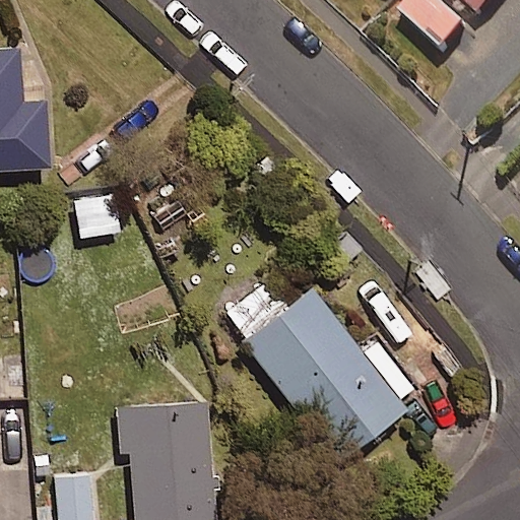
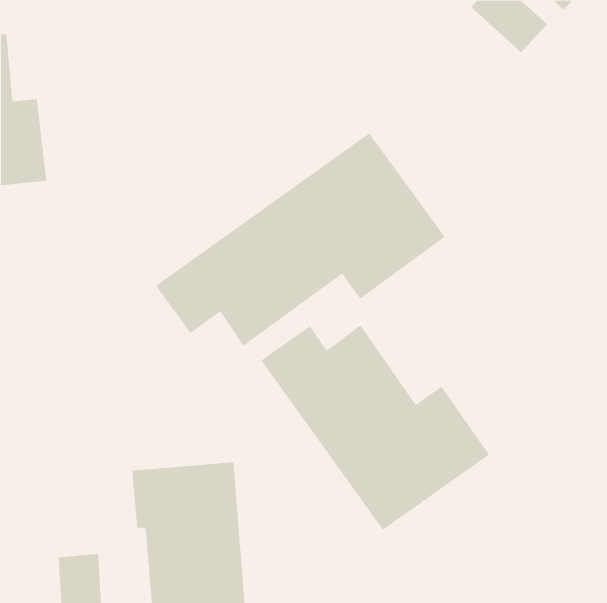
building: none -> [155,132,445,347]

